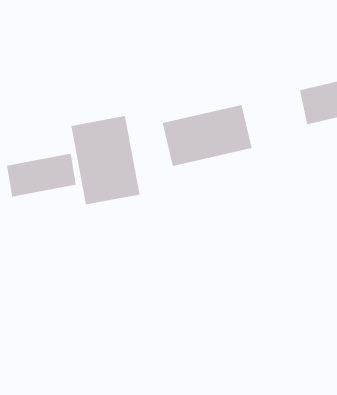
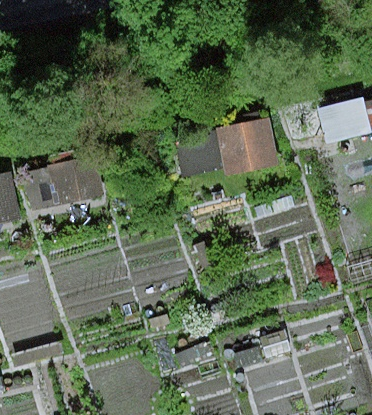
building: [71,115,140,205] -> none

